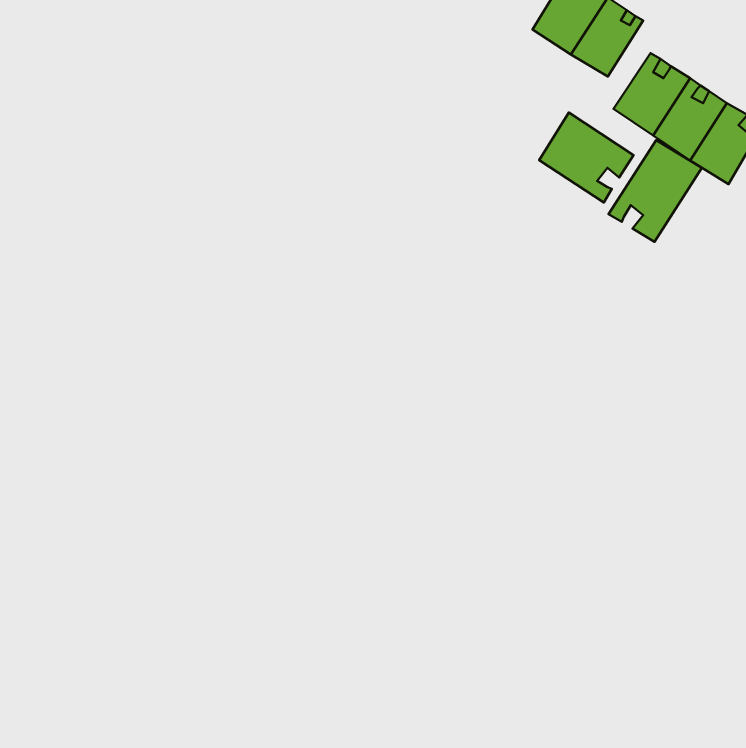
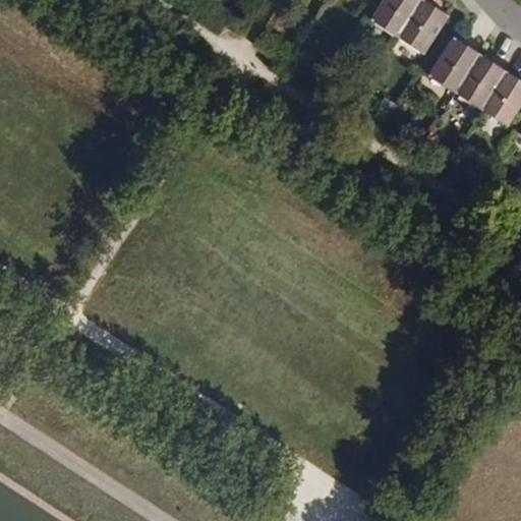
building: [539,113,633,203] -> none
building: [609,140,702,242] -> none

